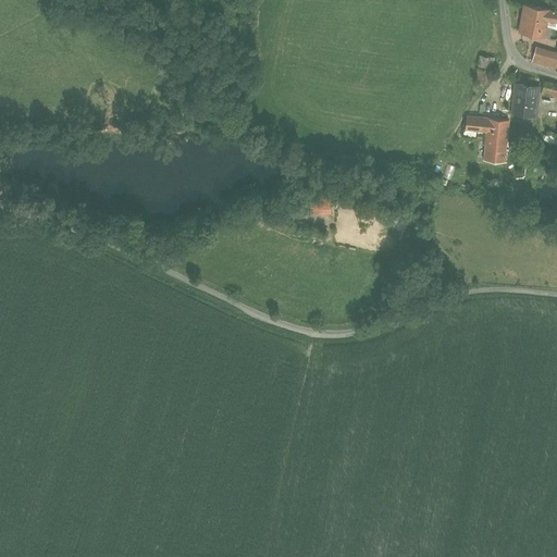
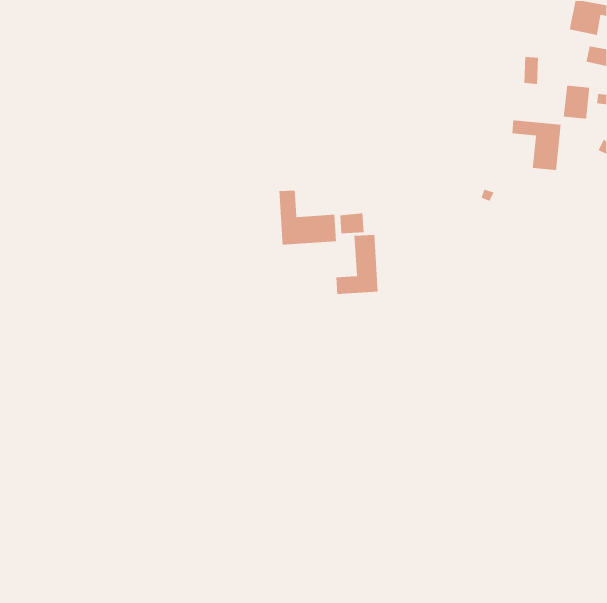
building: none -> [279,190,337,245]
building: none -> [335,234,379,295]

